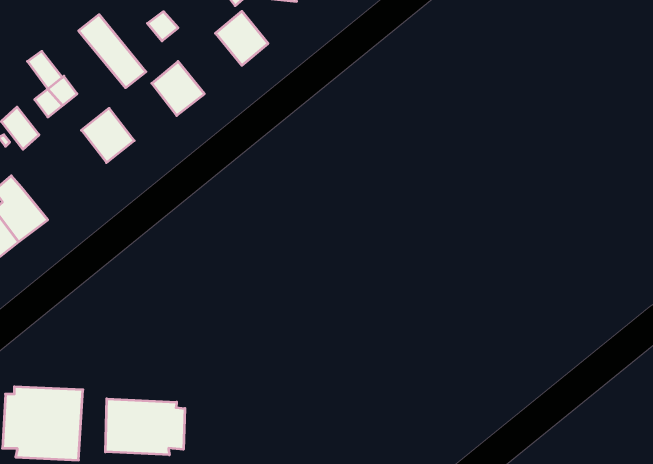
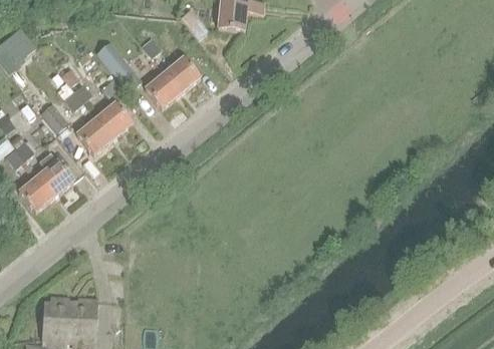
building: [215,11,268,65] -> [163,57,199,94]
building: none -> [77,119,113,156]
building: [105,399,185,455] -> none

